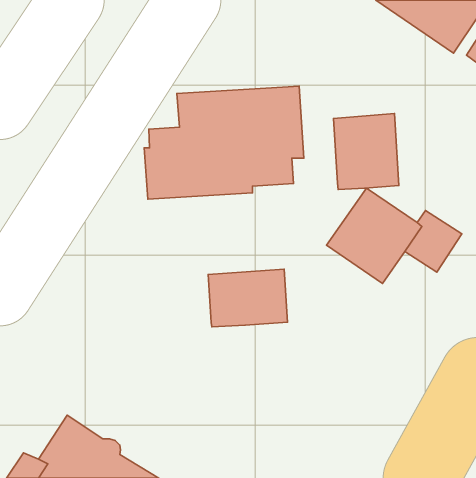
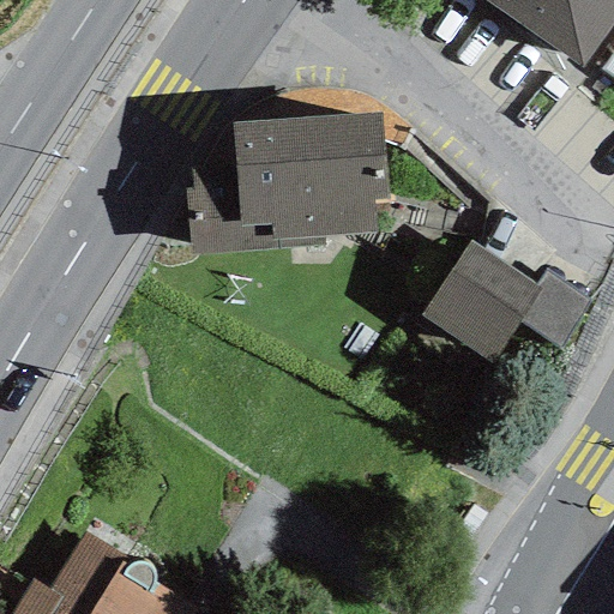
building: [333,114,399,189] -> none
building: [208,269,287,327] -> none

